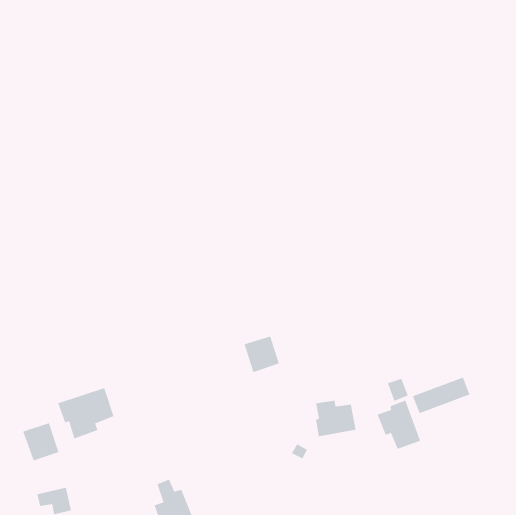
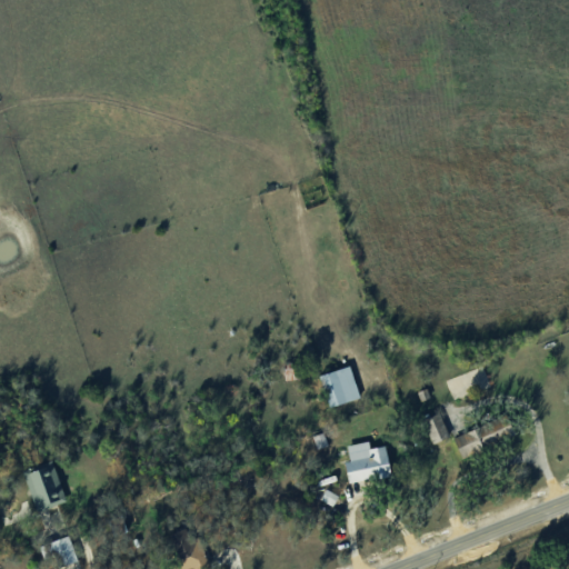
building: [244,336,280,373] -> [320,366,360,407]
building: [57,387,114,439] -> none
building: [376,399,421,450] -> none

